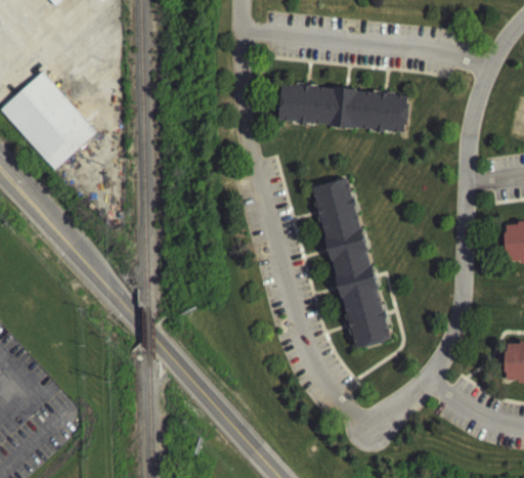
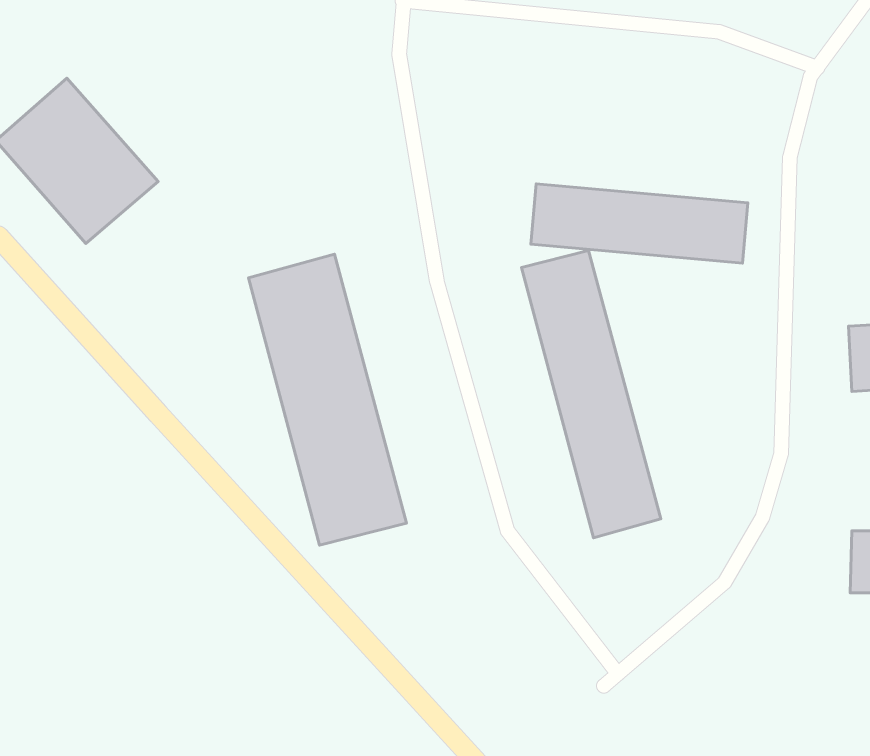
building: [279,84,408,131] -> [531,184,748,263]
building: none -> [248,254,406,545]

